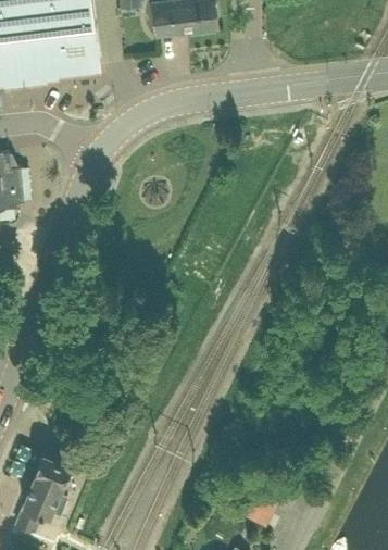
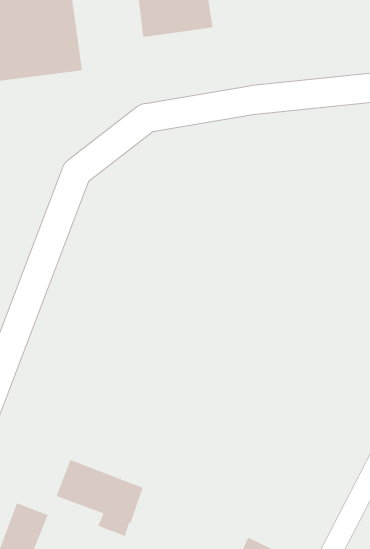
building: none -> [56,459,143,537]

